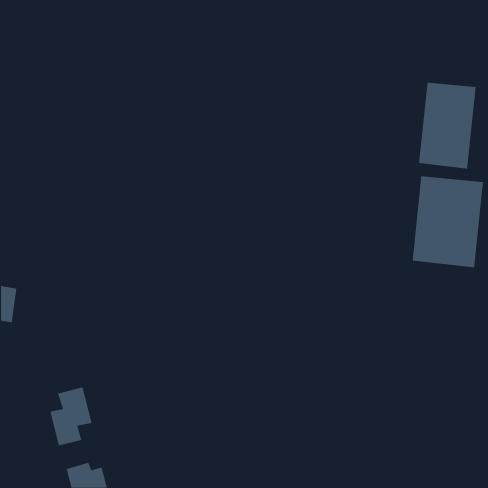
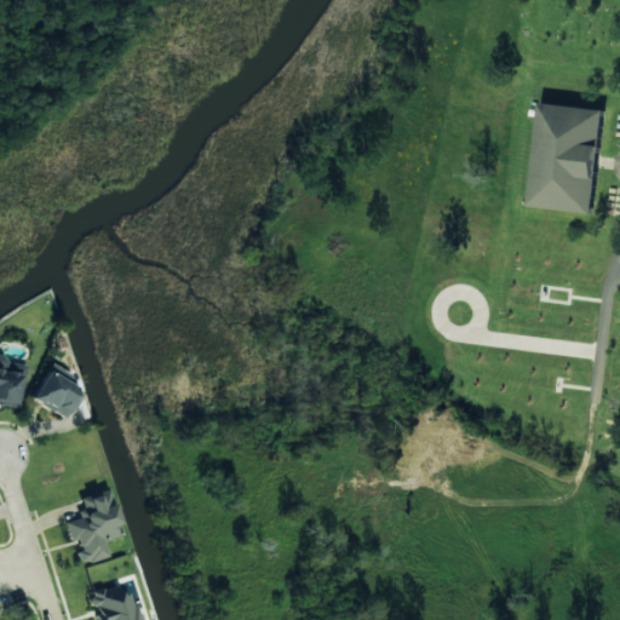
building: [412,176,484,268] -> none
building: none -> [27,363,78,420]

